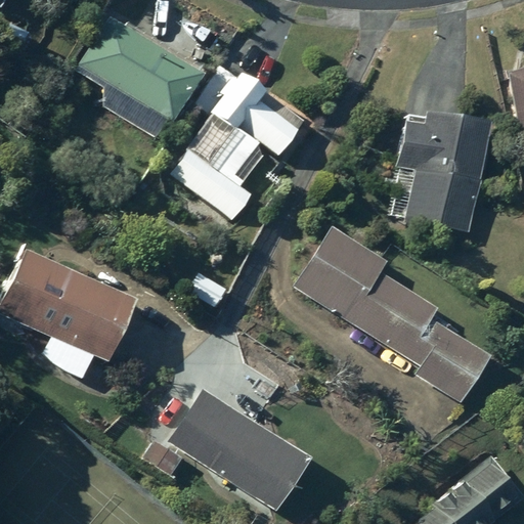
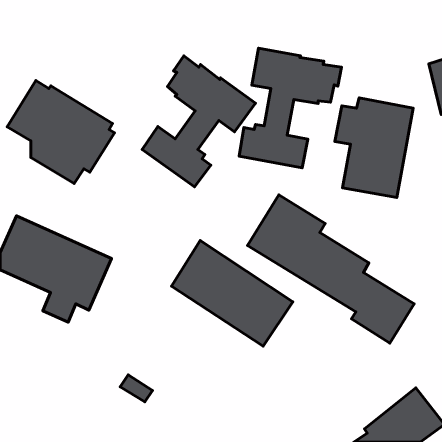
building: [77,15,203,136] -> [7,81,114,184]
building: none -> [239,48,341,168]
building: [169,388,311,512] -> [172,241,293,346]

